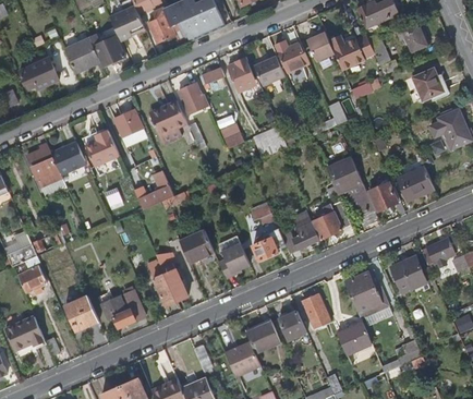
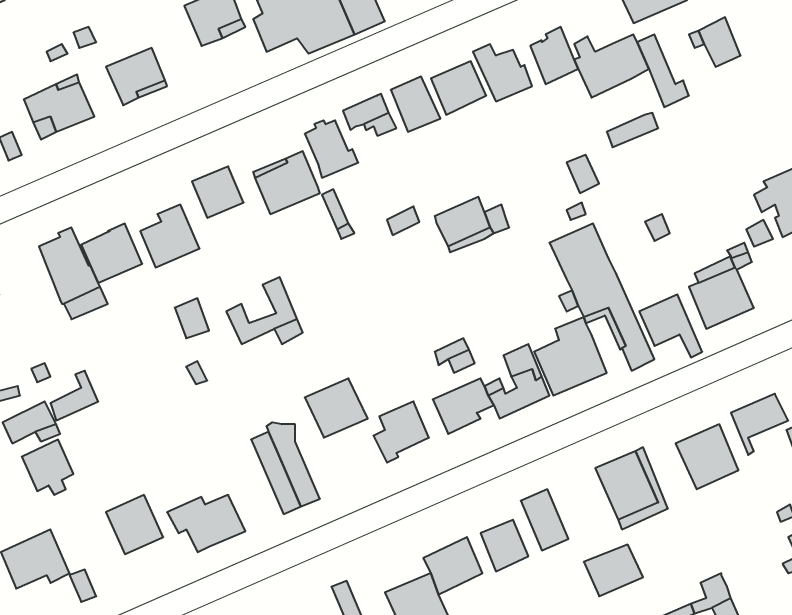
building: [92,33,125,64] -> none
building: [411,68,449,100] -> none

